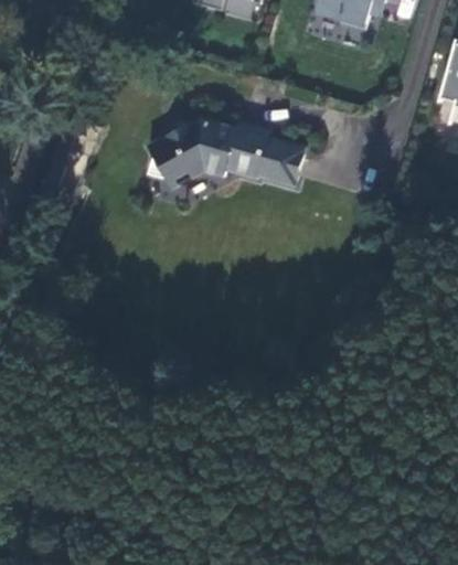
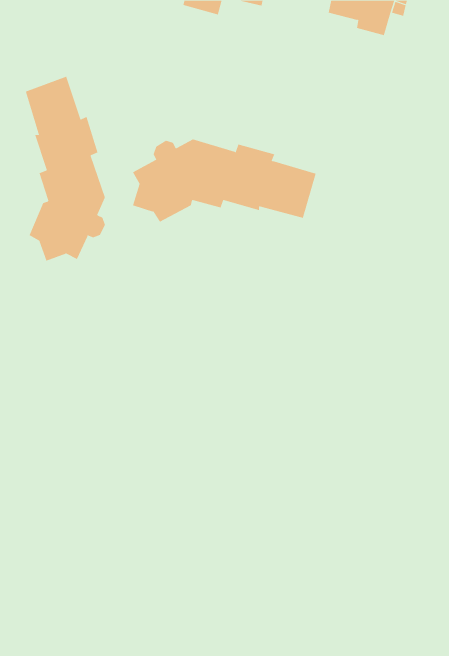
building: none -> [25,76,106,262]

